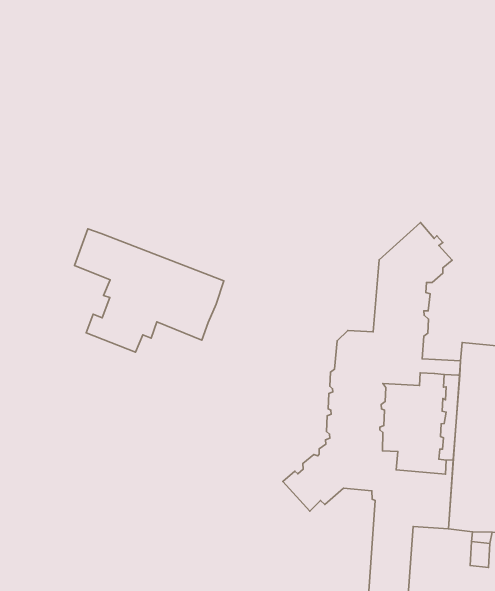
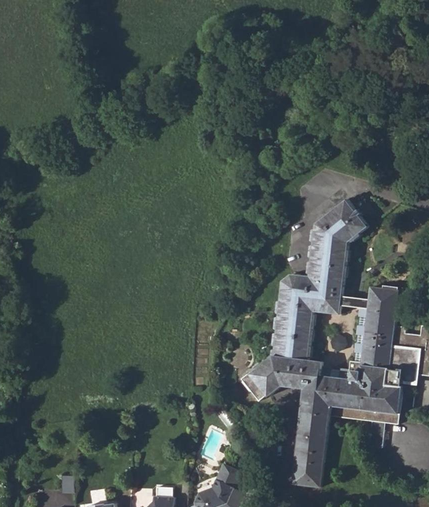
building: [74,229,224,352] -> none

